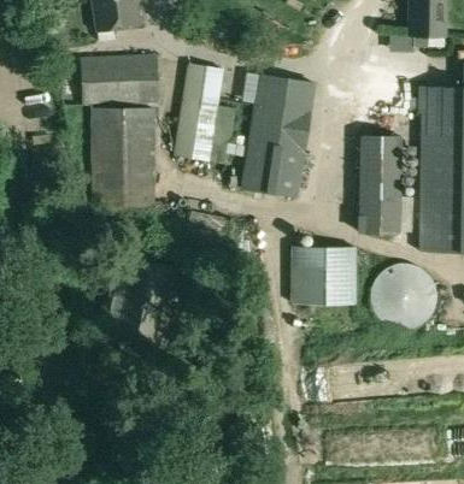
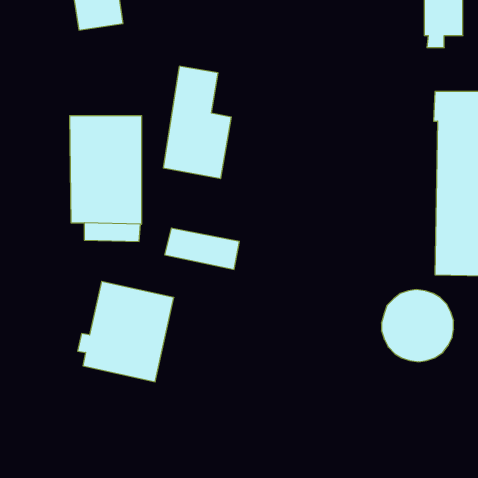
building: [80,55,158,105] -> none
building: [242,73,312,196] -> none
building: [357,135,401,232] -> none
building: [299,247,353,305] -> none

